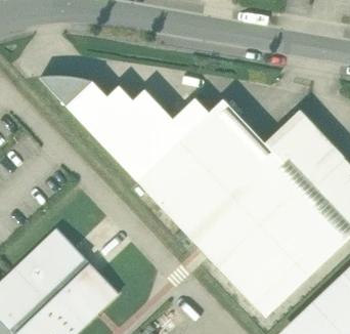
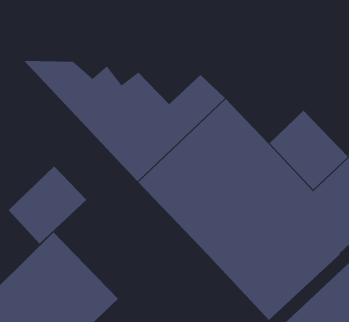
building: none -> [8,165,87,245]

